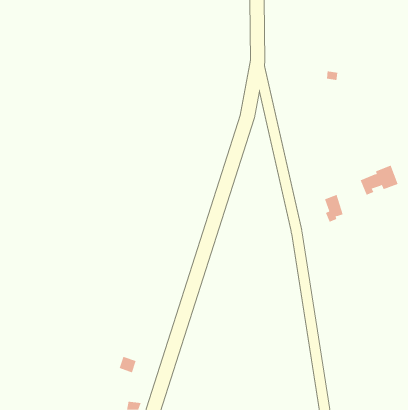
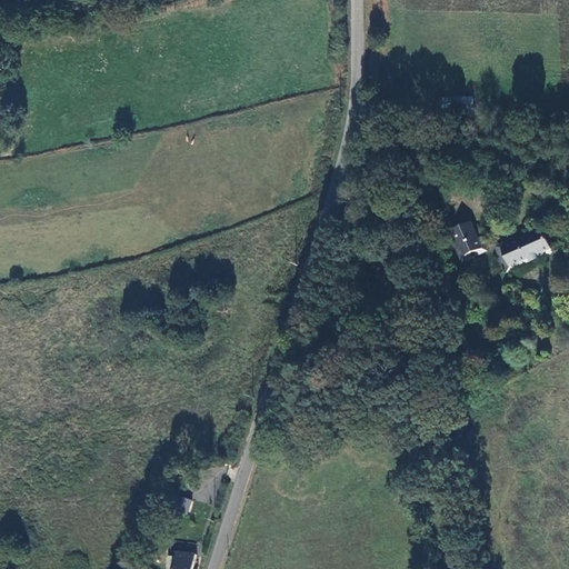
building: [324,194,344,222] -> [451,221,478,260]

